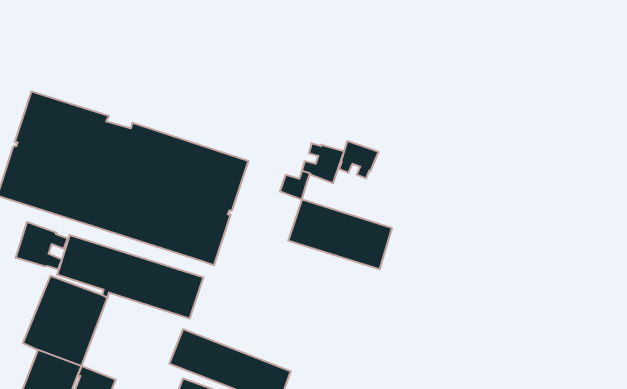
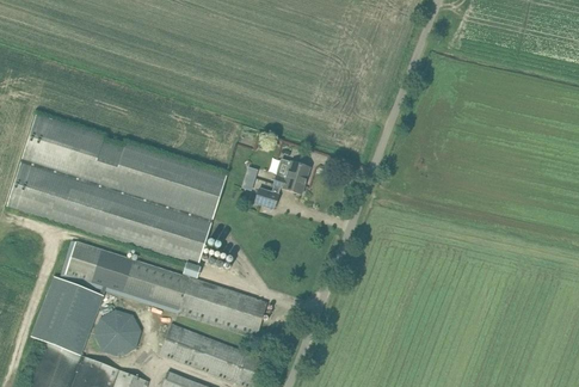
building: [339,141,378,179] -> none
building: [288,199,392,269] -> [177,276,267,337]
building: [16,222,68,270] -> none
building: none -> [94,308,142,355]

